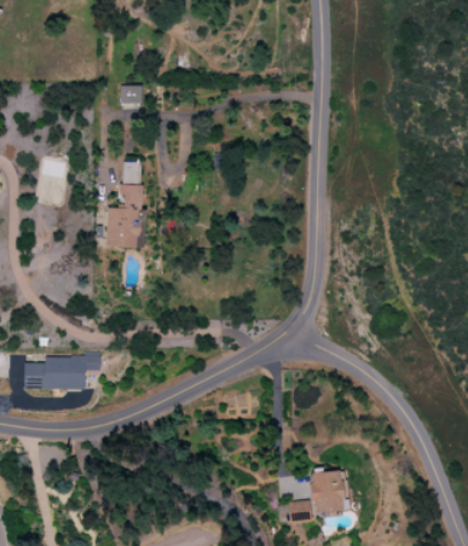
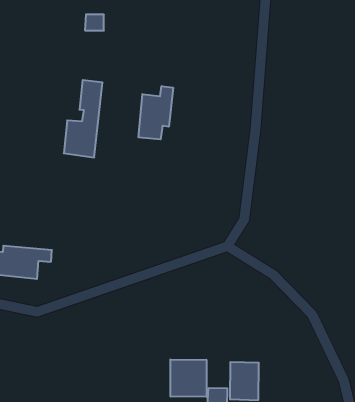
building: none -> [139,86,173,139]
building: none -> [170,359,207,397]

